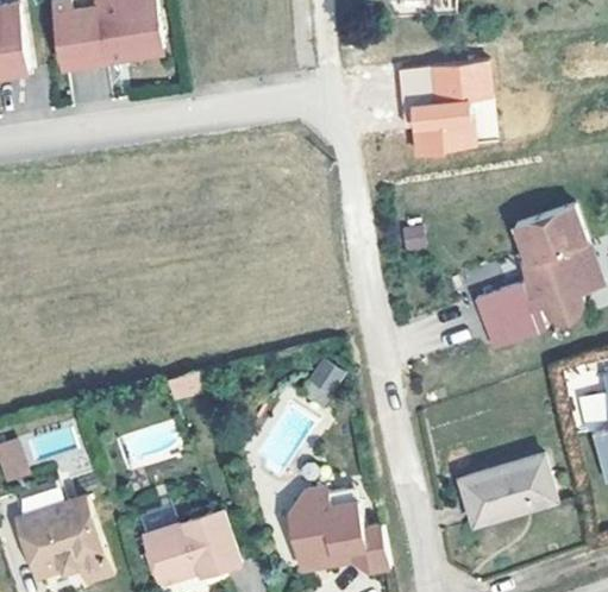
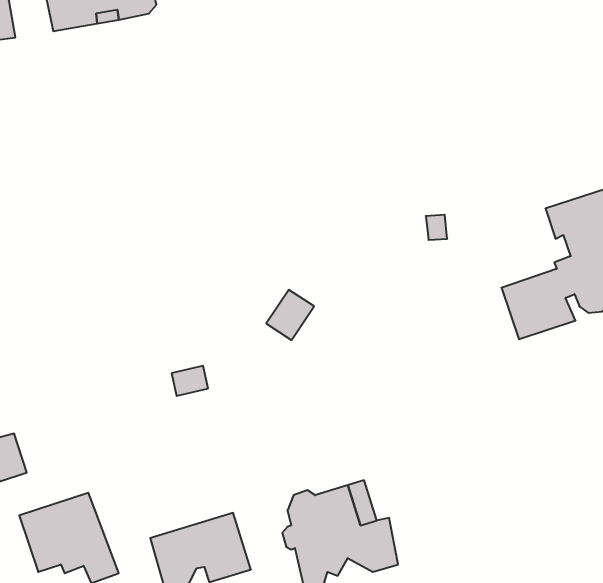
building: [400,62,496,156] -> none
building: [300,358,345,405] -> [266,290,314,340]
building: [466,453,558,521] -> none

